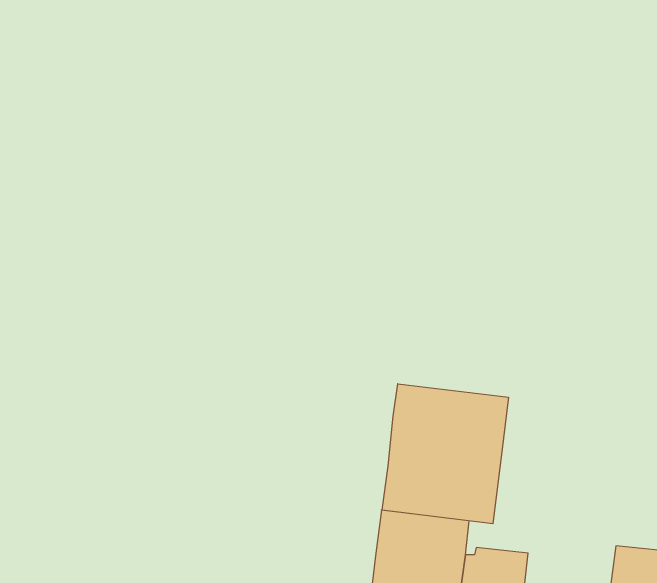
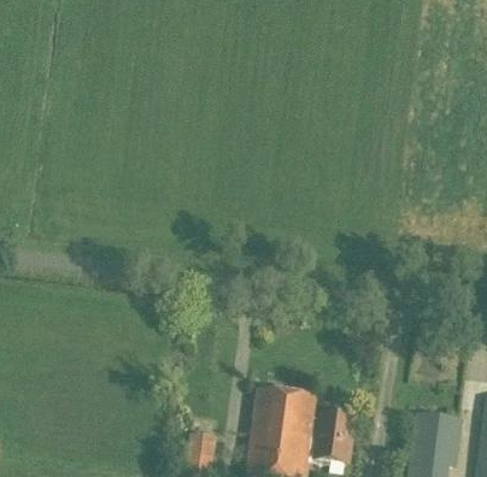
building: [382,384,508,524] -> none

